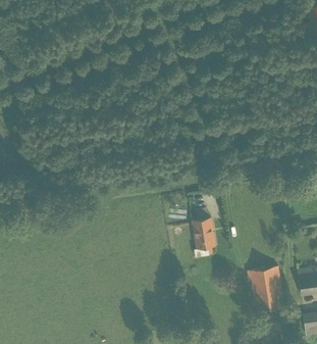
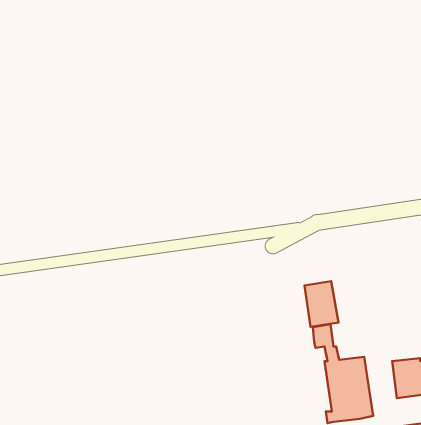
building: [192,217,215,249] -> [305,281,338,327]

